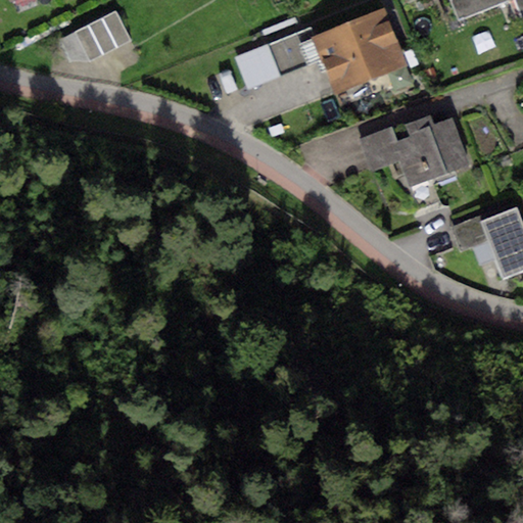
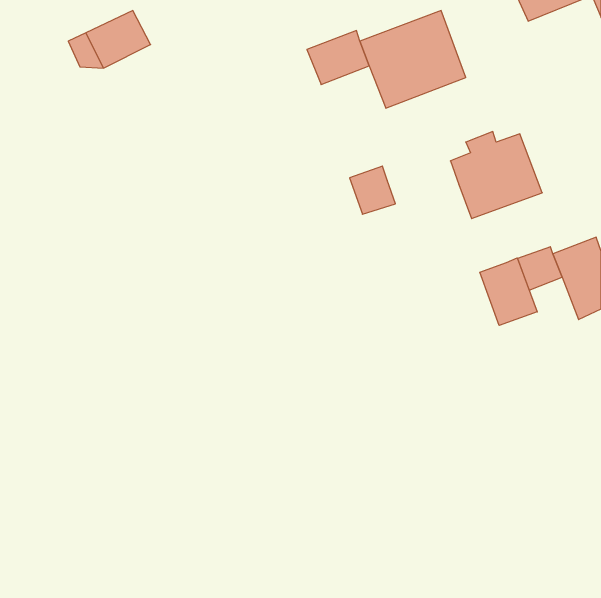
building: [236,43,279,86] -> none
building: [359,128,398,170] -> [350,166,395,214]
building: none -> [480,258,537,325]

